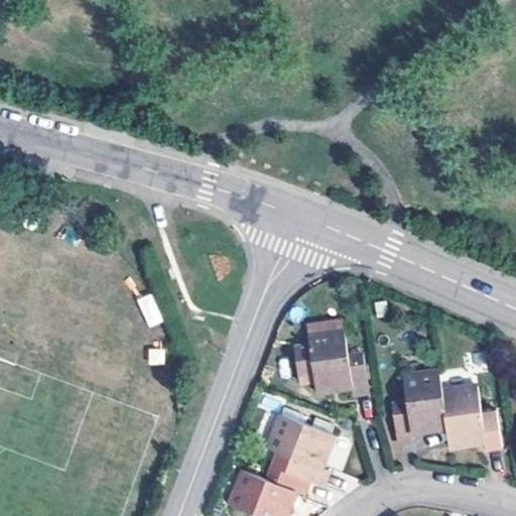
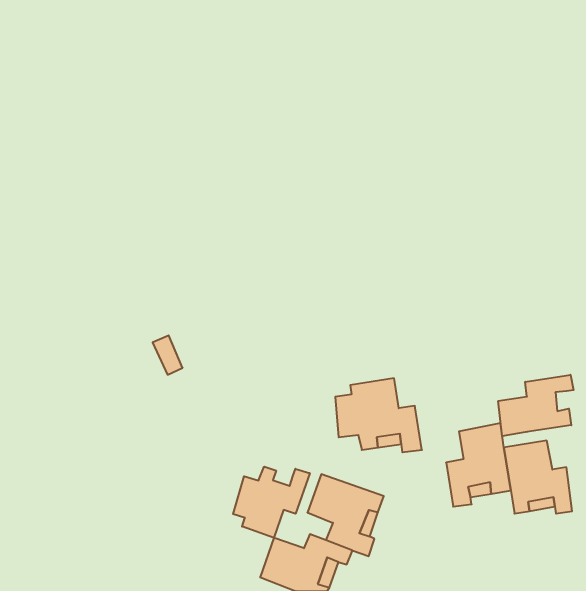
building: none -> [498,375,574,436]
building: none -> [233,467,310,538]

